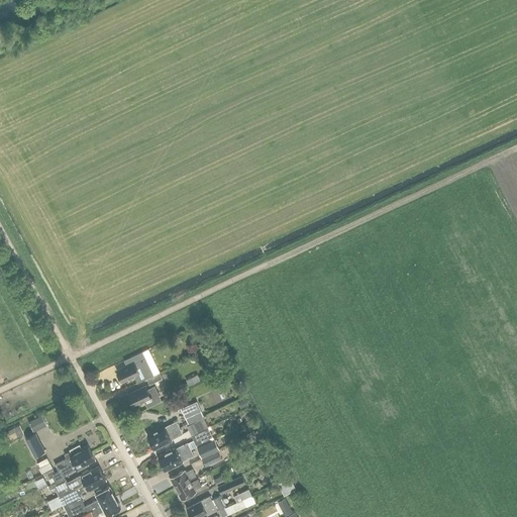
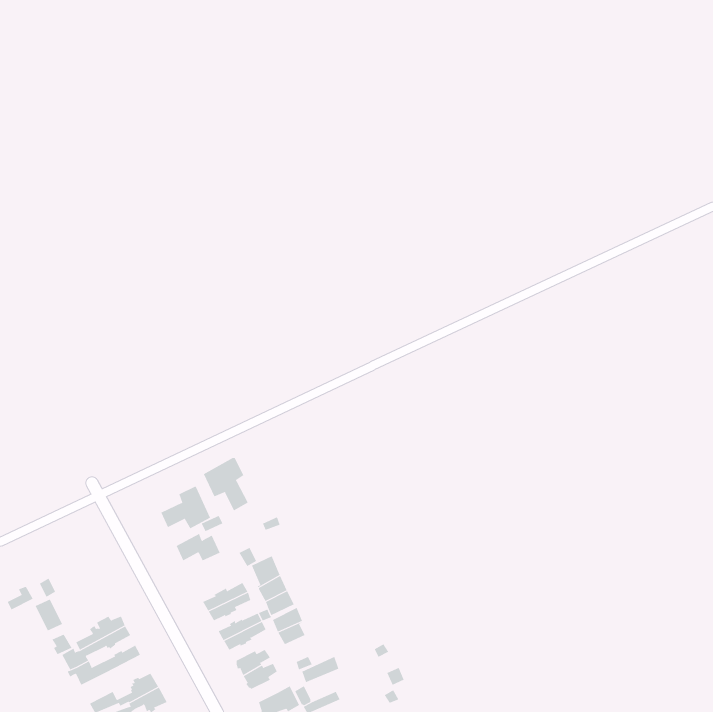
building: none -> [203,457,249,511]
building: [59,475,106,510] -> none

